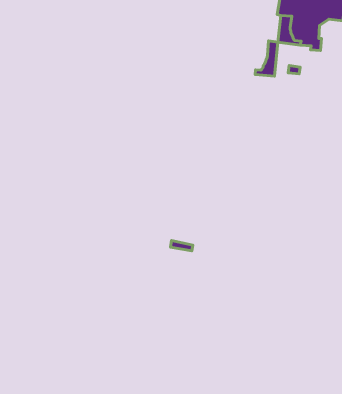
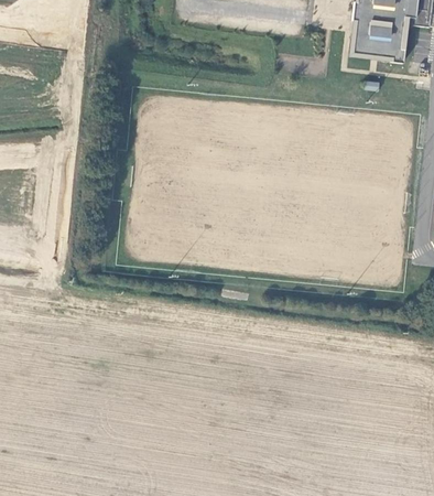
building: [255,41,278,76] -> none

